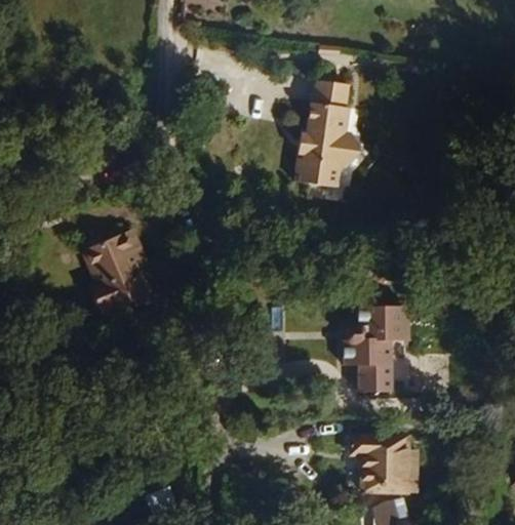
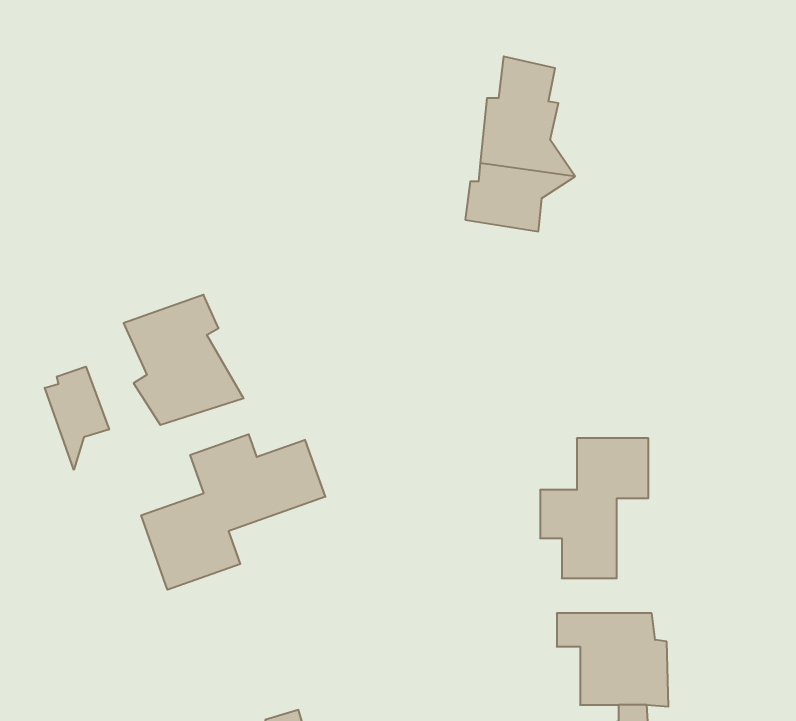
building: none -> [45,367,109,470]
building: none -> [141,434,325,590]

